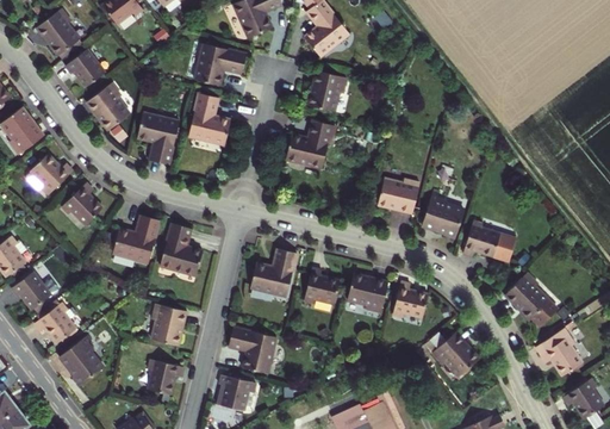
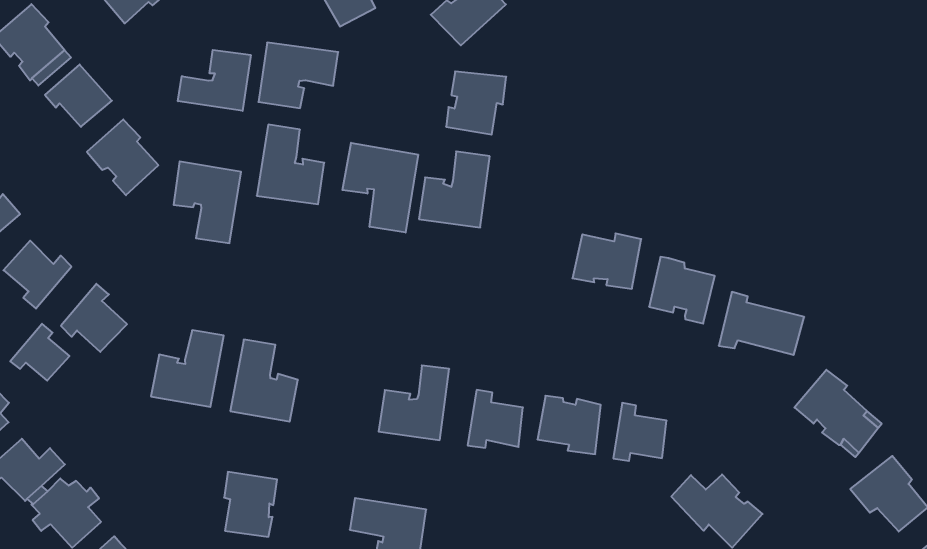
building: none -> [178,50,251,111]
building: none -> [342,143,418,233]
building: none -> [10,324,69,381]

